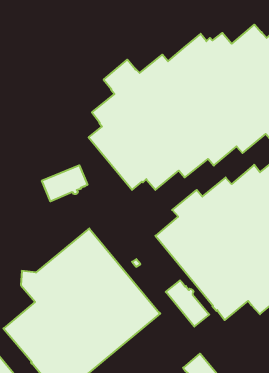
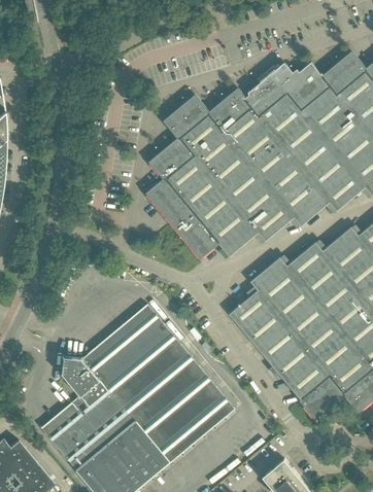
building: [42,165,87,201] -> none
building: [166,280,209,327] -> none

